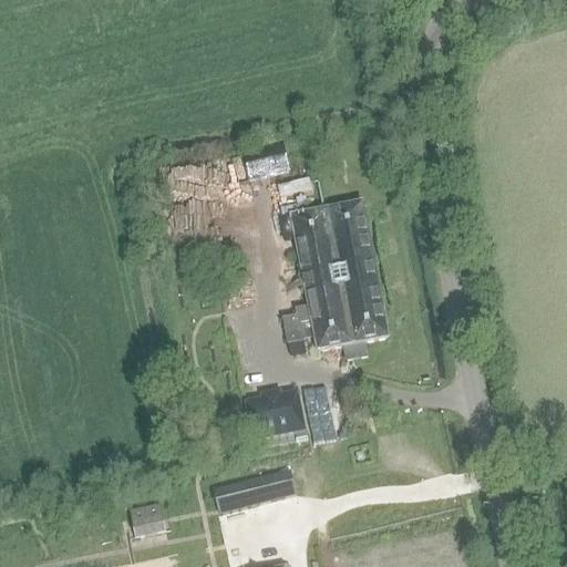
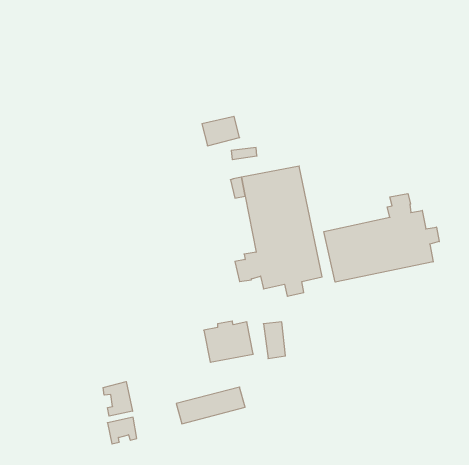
building: none -> [324,194,439,282]
building: none -> [103,382,133,416]

